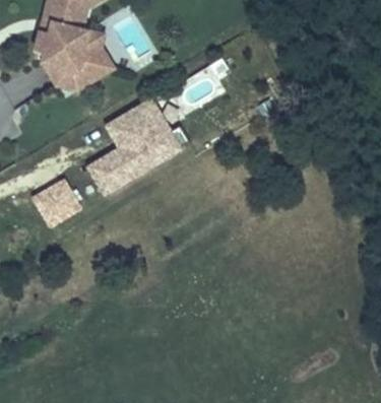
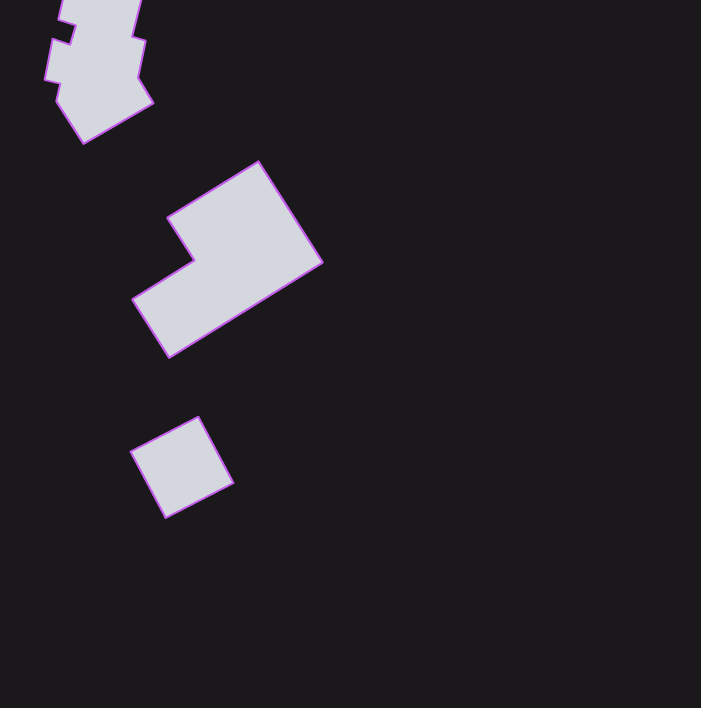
building: [57,29,115,96] -> none
building: [27,174,81,226] -> [130,417,234,518]

